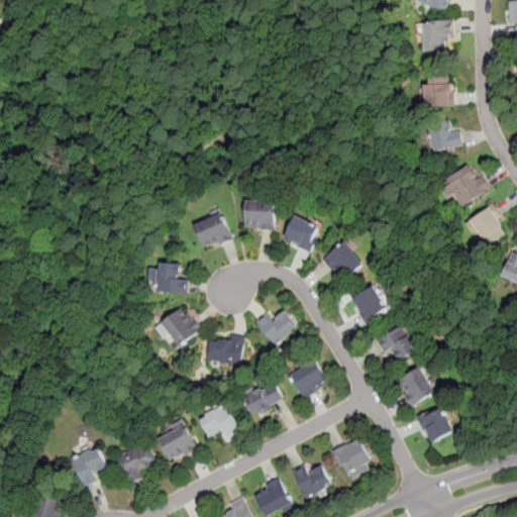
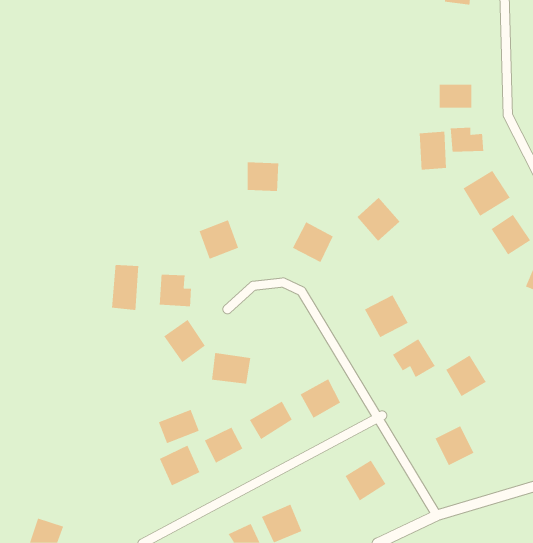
building: [420,22,446,50] -> none
building: none -> [419,131,447,171]
building: [243,200,274,228] -> [247,162,279,192]
building: [320,239,361,282] -> [356,197,400,242]
building: none -> [111,264,139,311]
building: [257,308,296,346] -> none
building: [395,366,434,406] -> [445,354,487,397]
building: [115,443,154,477] -> [158,409,200,444]
building: [69,446,108,487] -> none
building: [291,463,330,498] -> none

